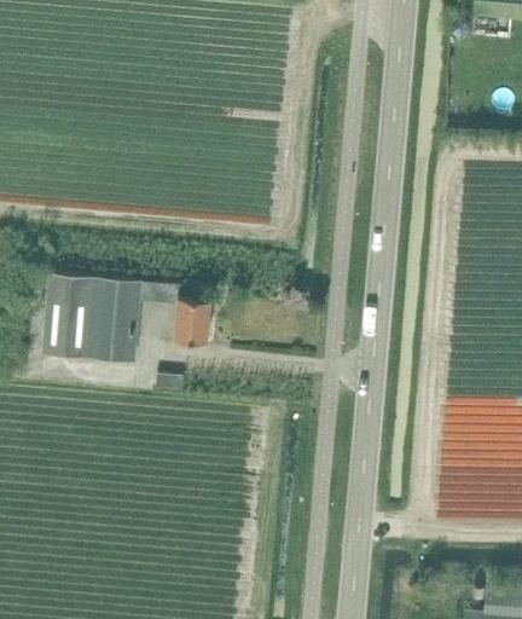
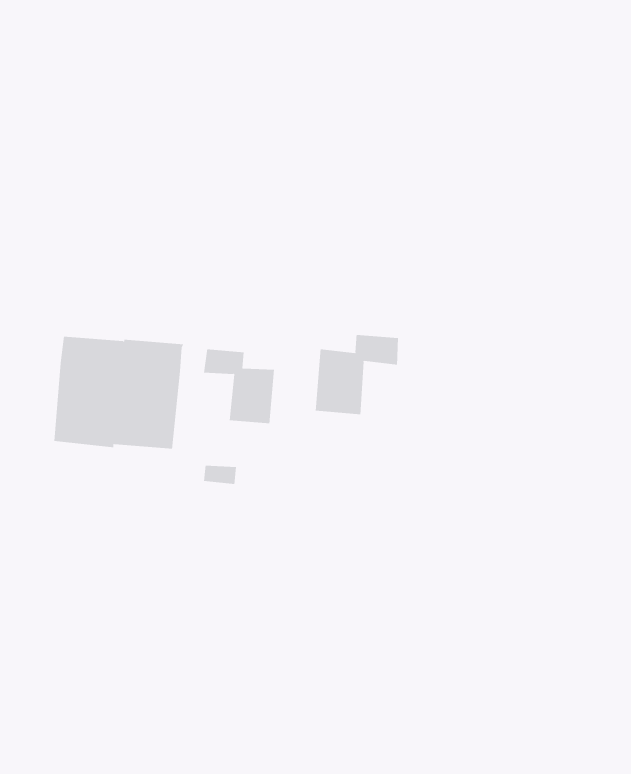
building: none -> [315,334,398,415]

